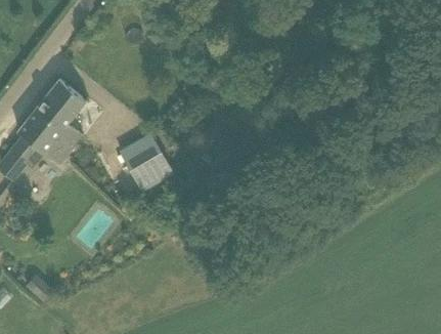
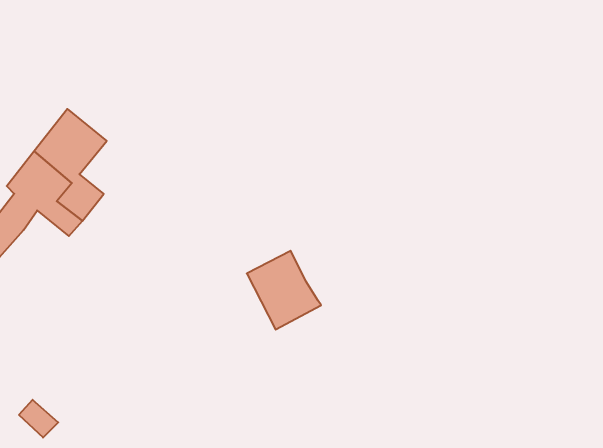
building: [119,135,169,189] -> [247,251,321,330]

